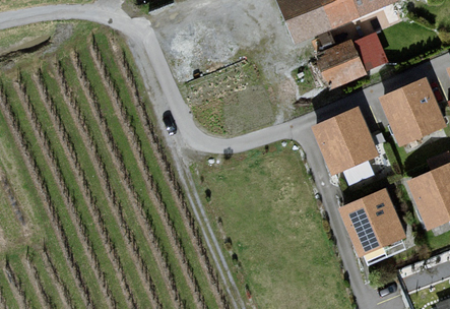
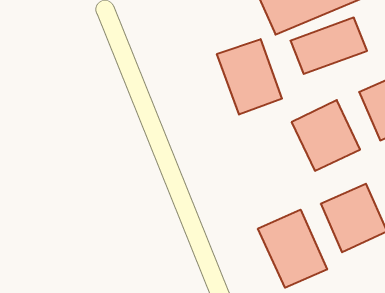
building: none -> [217,39,282,115]
building: none -> [258,210,327,288]

